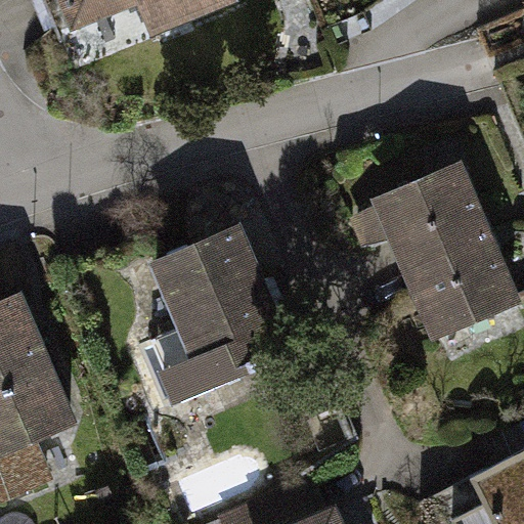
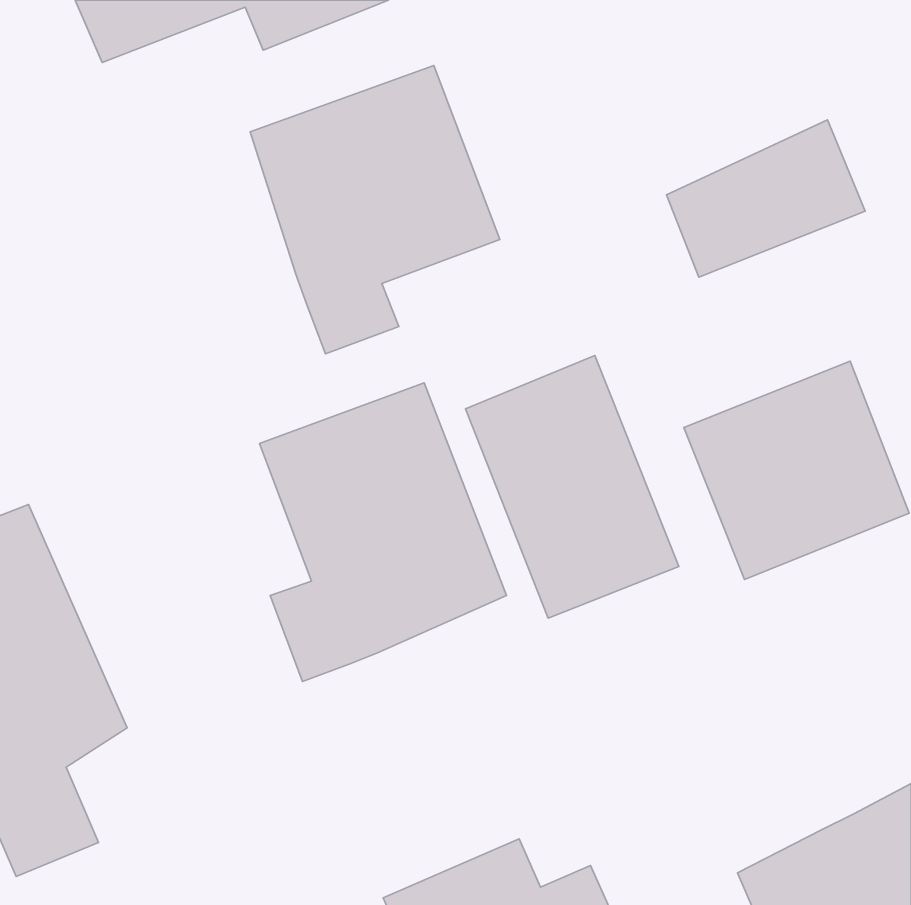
building: none -> [250,66,500,354]
building: [373,160,486,250] -> [666,120,865,277]
building: none -> [465,356,679,618]

